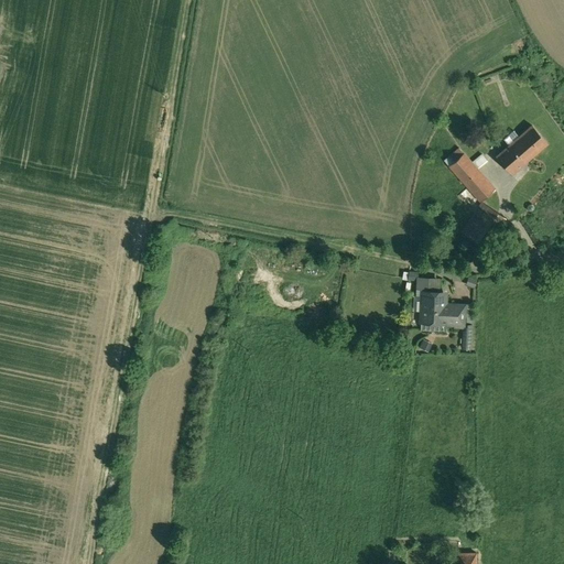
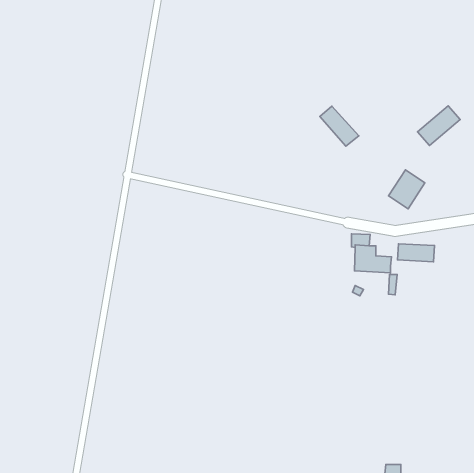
building: [448,154,495,202] -> [320,106,359,146]
building: none -> [397,244,434,262]

